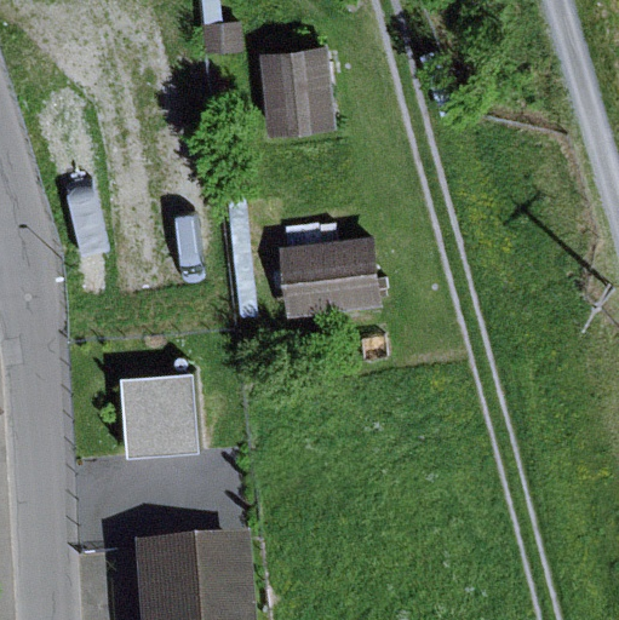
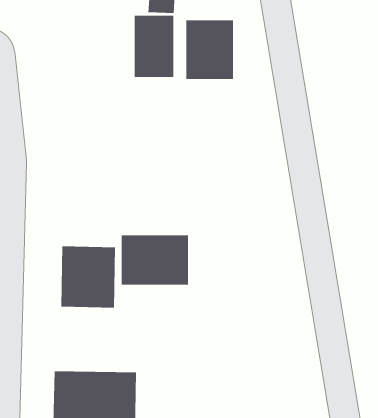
building: none -> [134,15,174,78]
building: [281,237,380,315] -> [121,235,189,285]

